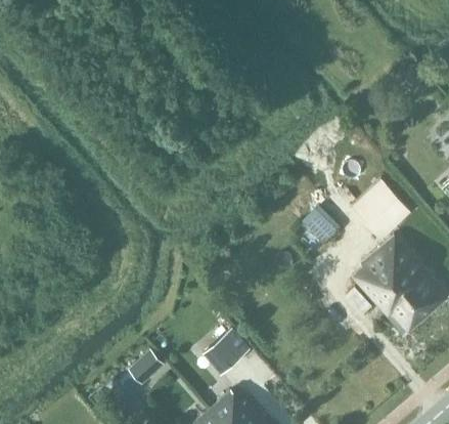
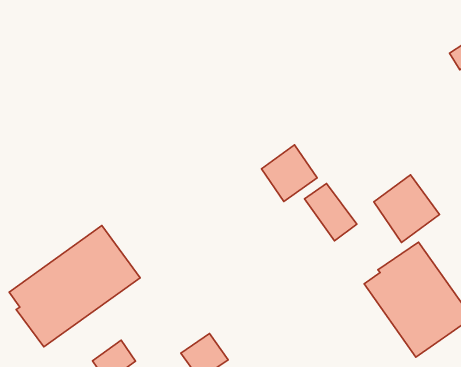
building: none -> [261,145,317,202]
building: none -> [9,225,140,347]

